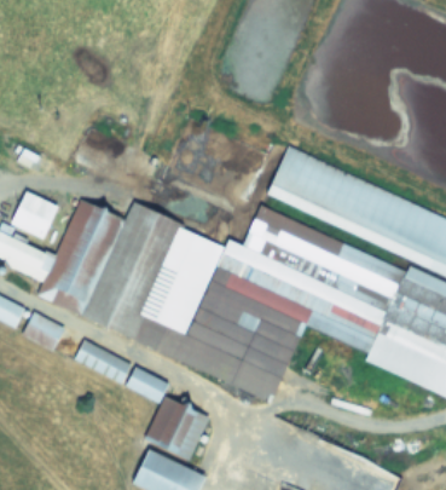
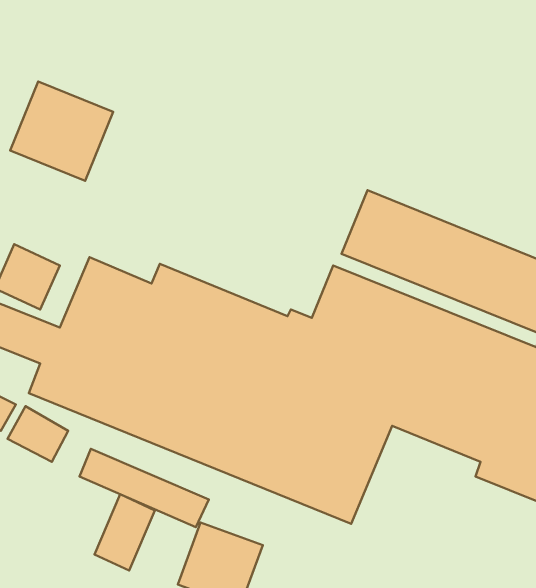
building: none -> [10,82,113,181]
building: none -> [94,494,155,570]

